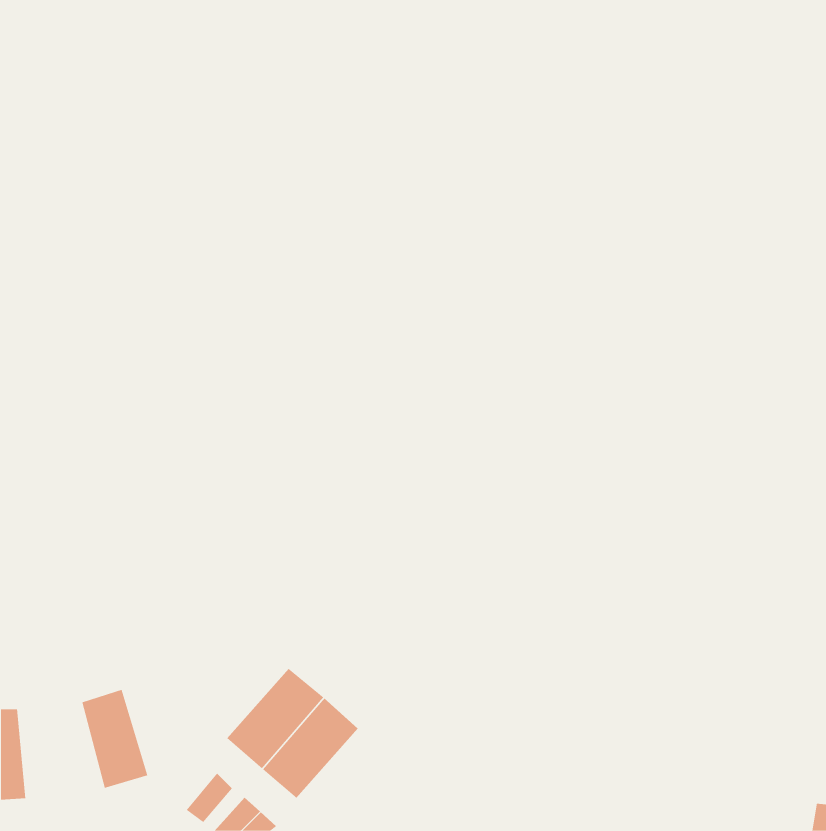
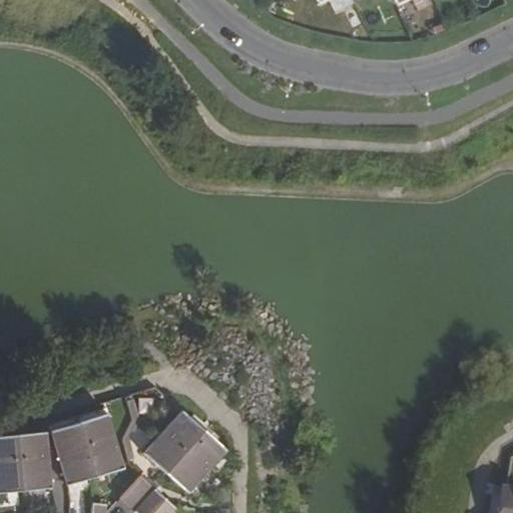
building: none -> [79,416,122,477]
building: none -> [15,433,52,491]

